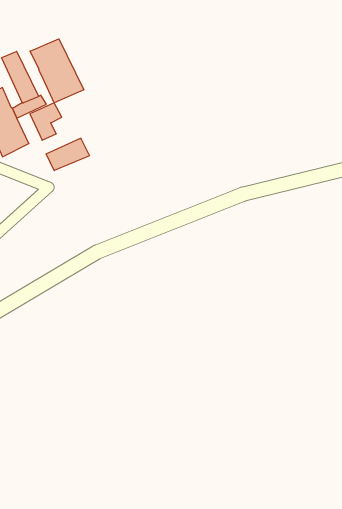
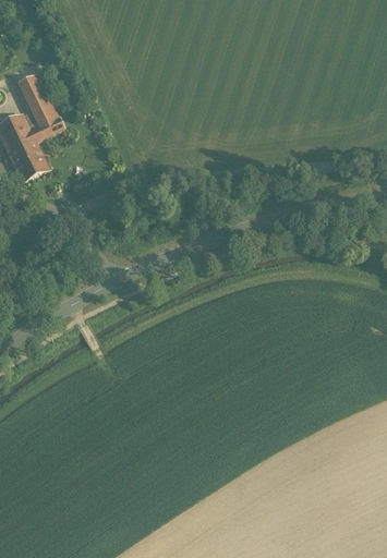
building: [30,39,84,103] -> none
building: [46,138,89,171] -> none

